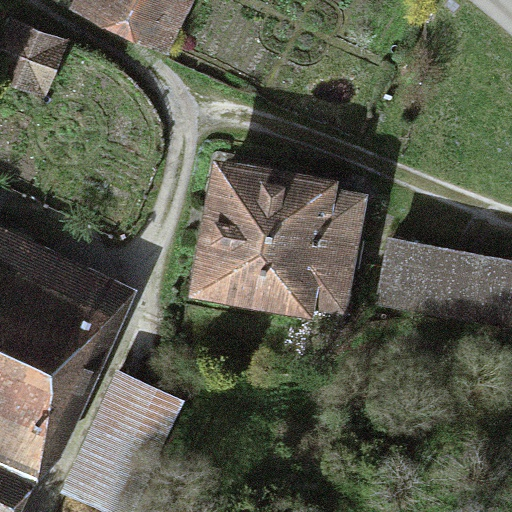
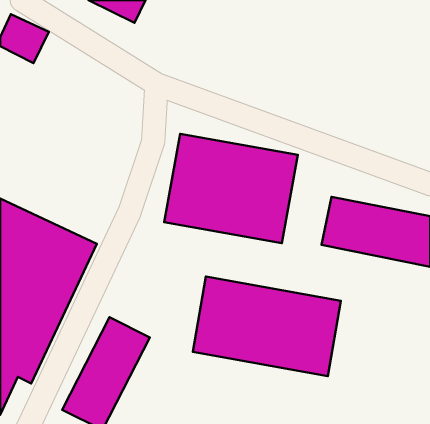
building: none -> [193,277,341,376]

